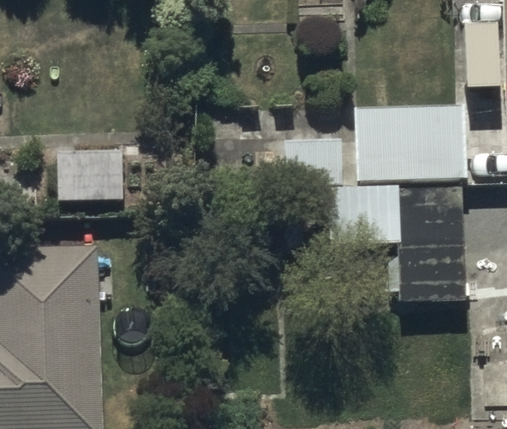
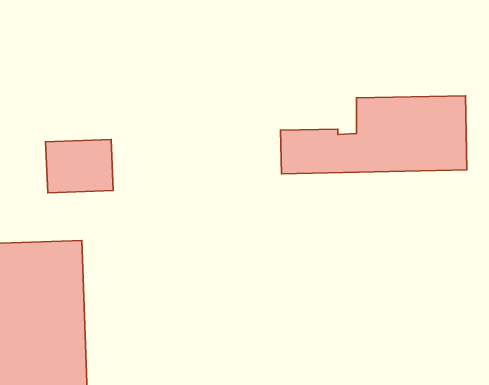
building: [327,187,467,303] -> none

